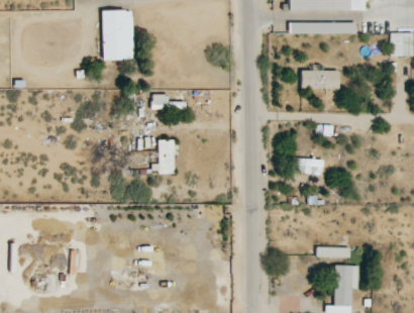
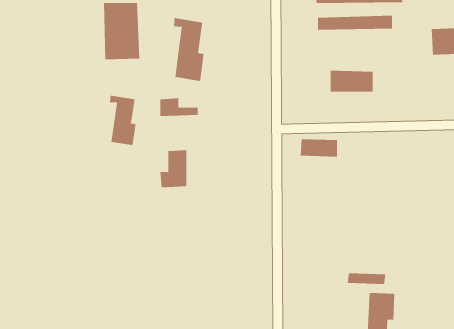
building: none -> [173,17,204,82]
building: none -> [110,95,136,146]
building: [290,159,323,175] -> [300,139,338,157]

